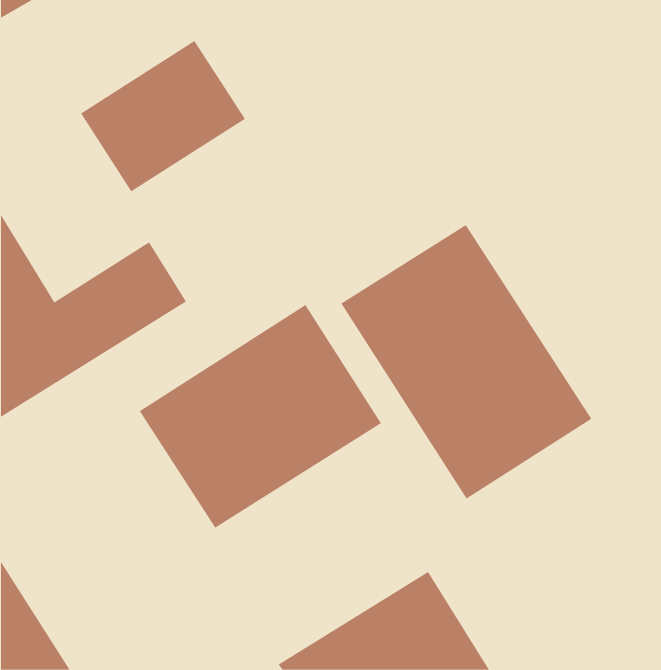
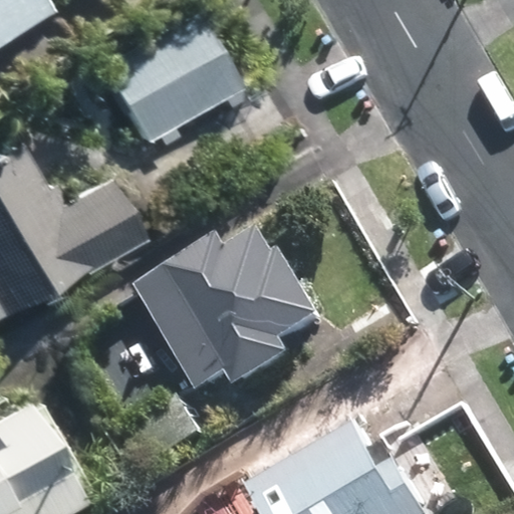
building: [341,224,592,500] -> none

